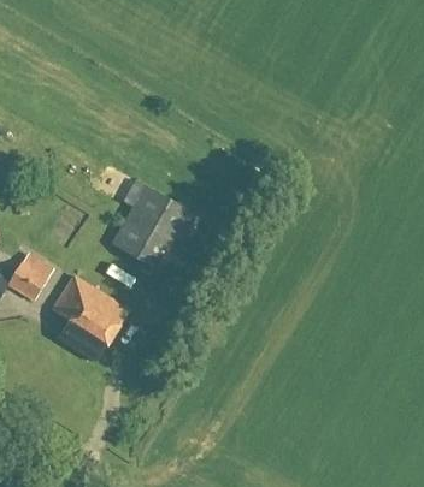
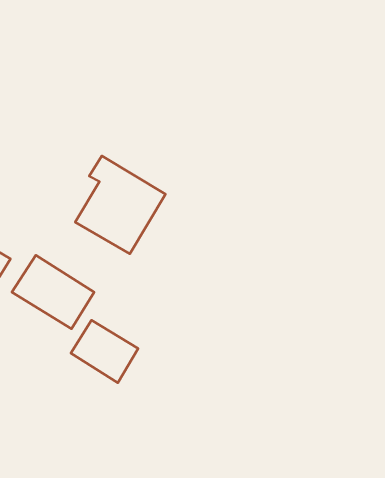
building: none -> [71,320,138,383]

